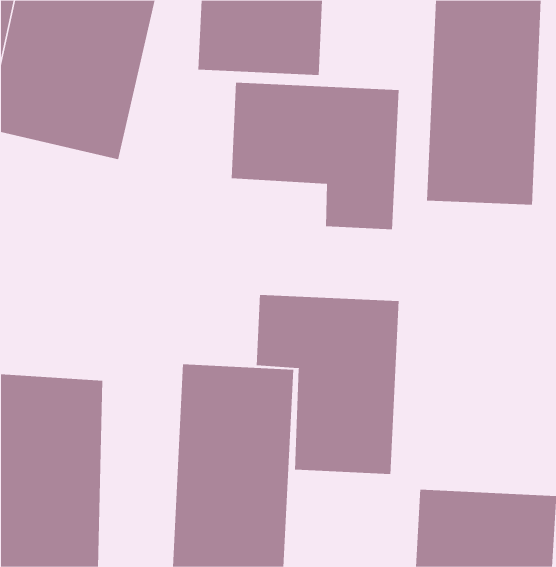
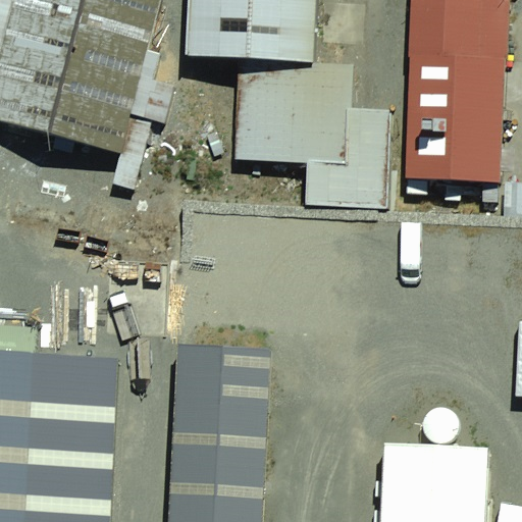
building: [256,294,399,475] -> none

